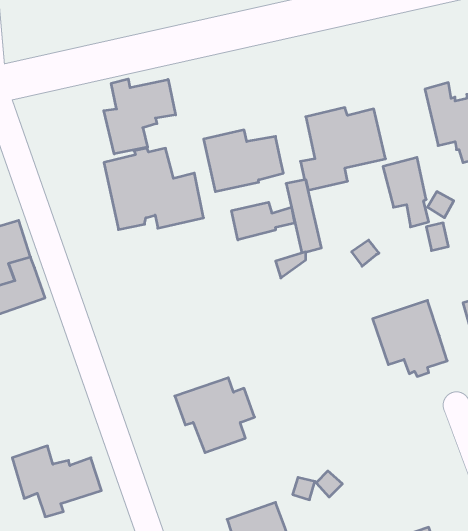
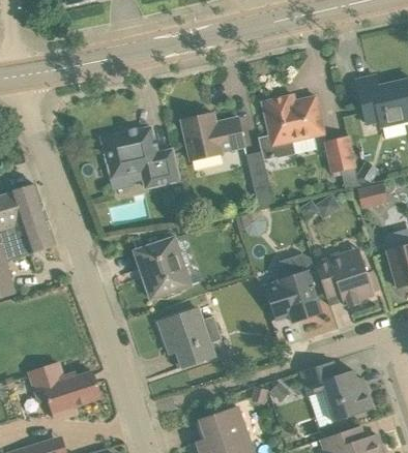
building: [104,79,176,154] -> none
building: [232,202,295,240] -> none
building: none -> [136,235,192,298]
building: none -> [263,252,321,321]
building: none -> [300,360,372,421]

